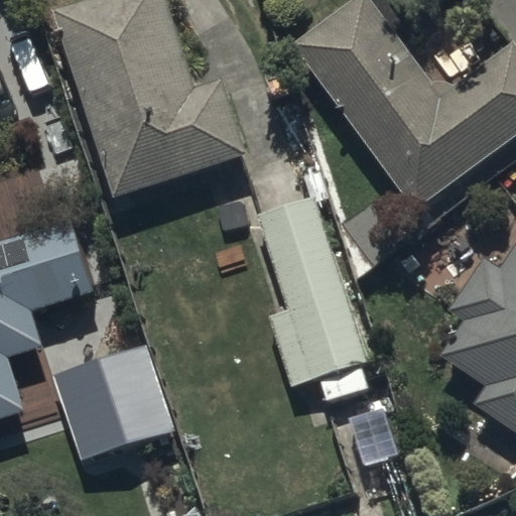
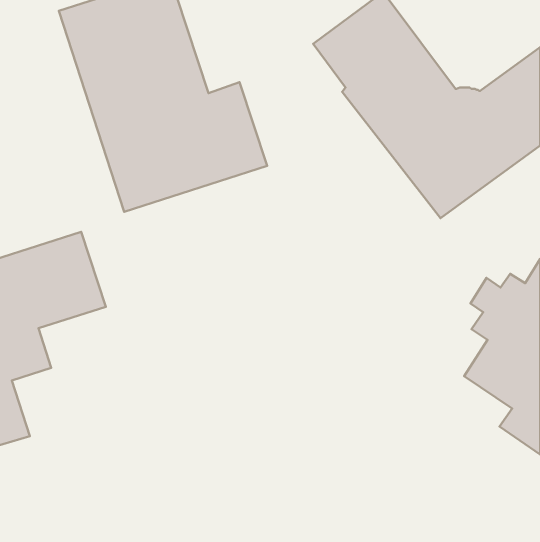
building: [258,197,366,401] -> none
building: [53,343,175,463] -> none

